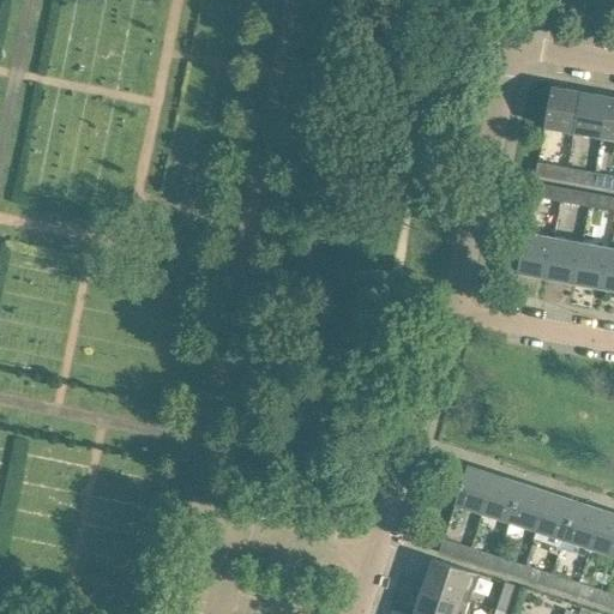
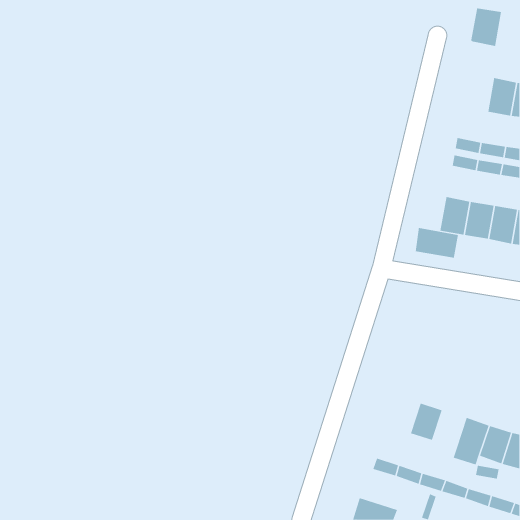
building: [544,86,582,132] -> [470,8,502,47]
building: none -> [415,227,459,258]
building: [456,465,495,511] -> none
building: [510,483,549,529] -> none
building: [423,558,478,601] -> none

